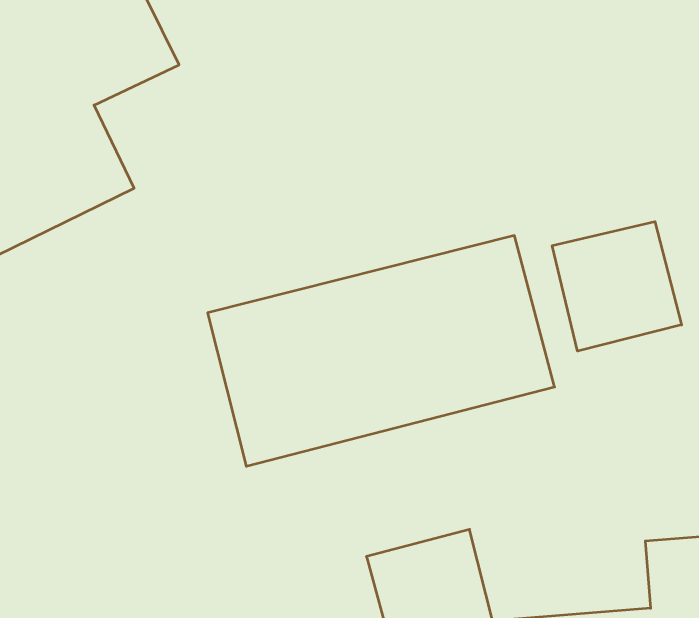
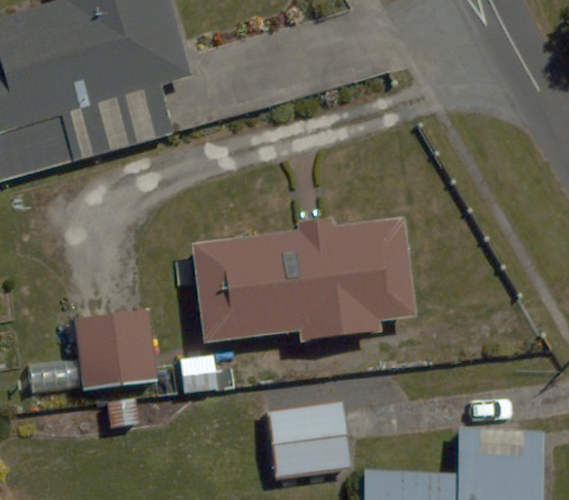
building: [552,222,682,351] -> none
building: none -> [82,311,156,399]

